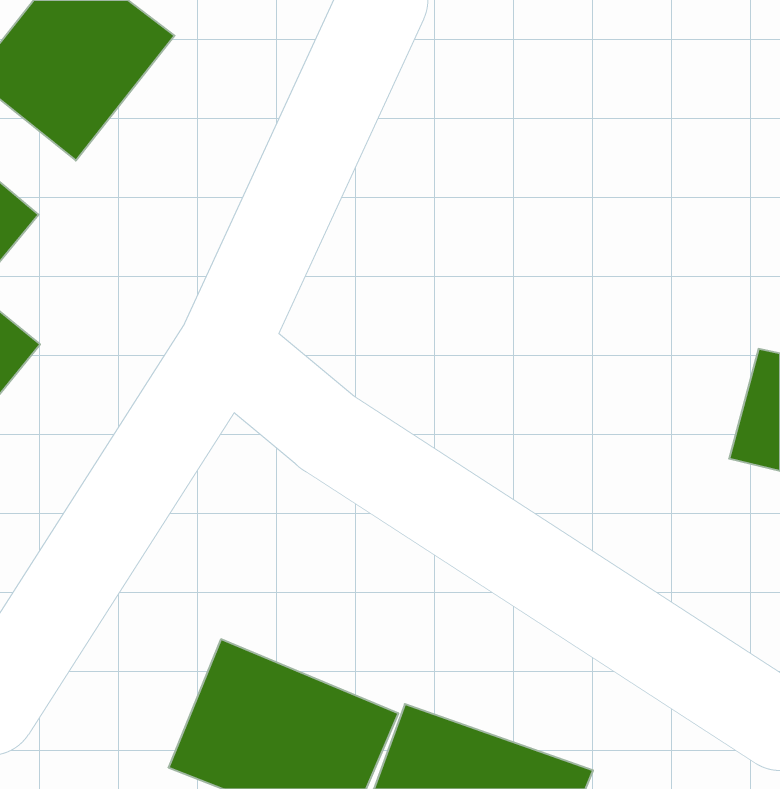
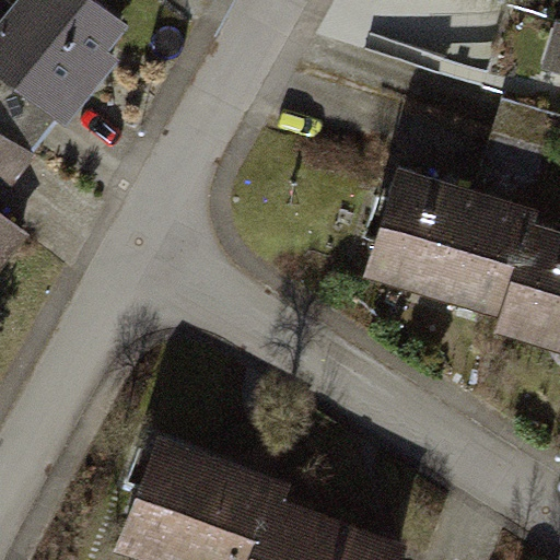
building: none -> [373,196,514,310]

